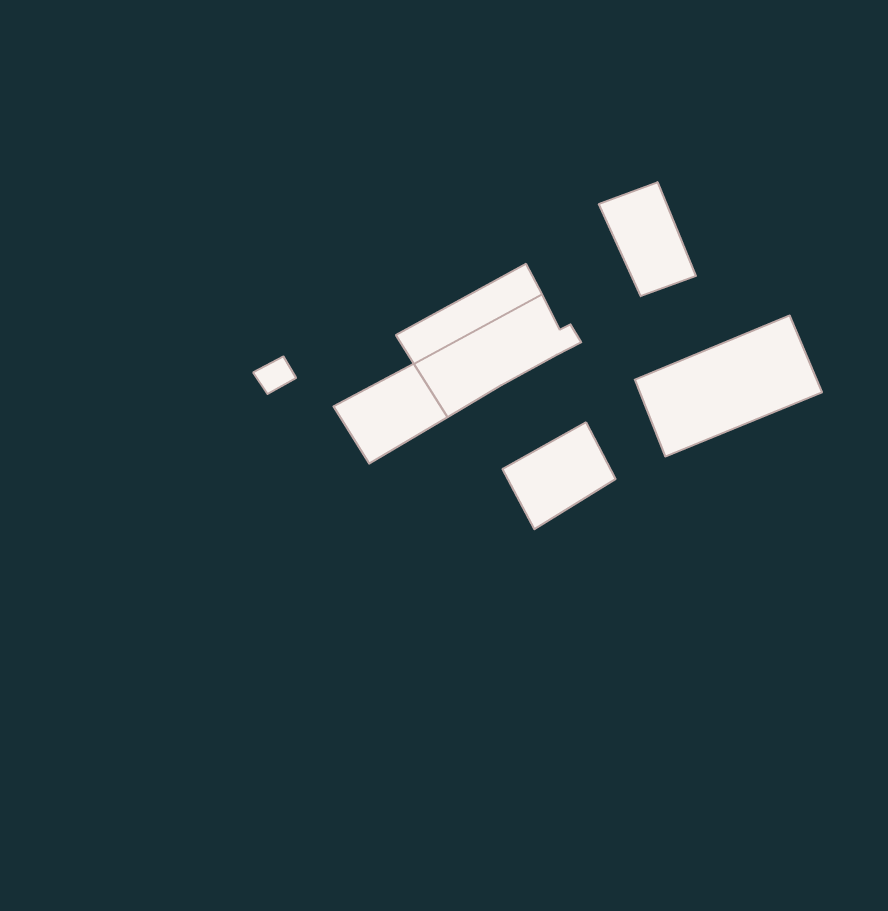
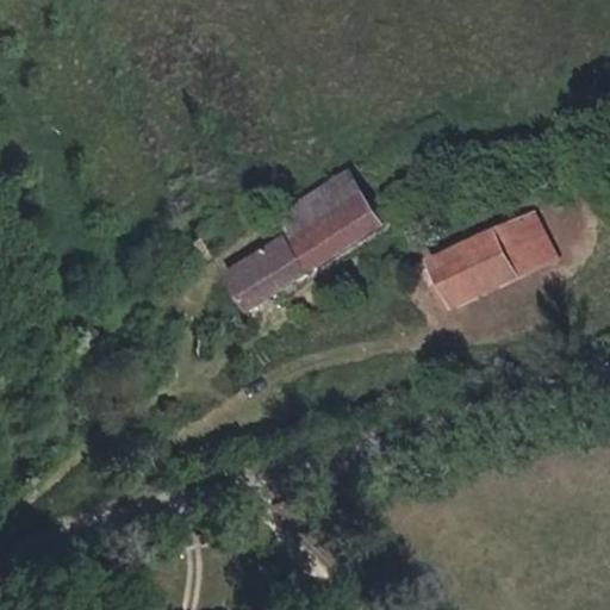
building: [599,182,696,296] -> none
building: [503,422,615,529] -> none

